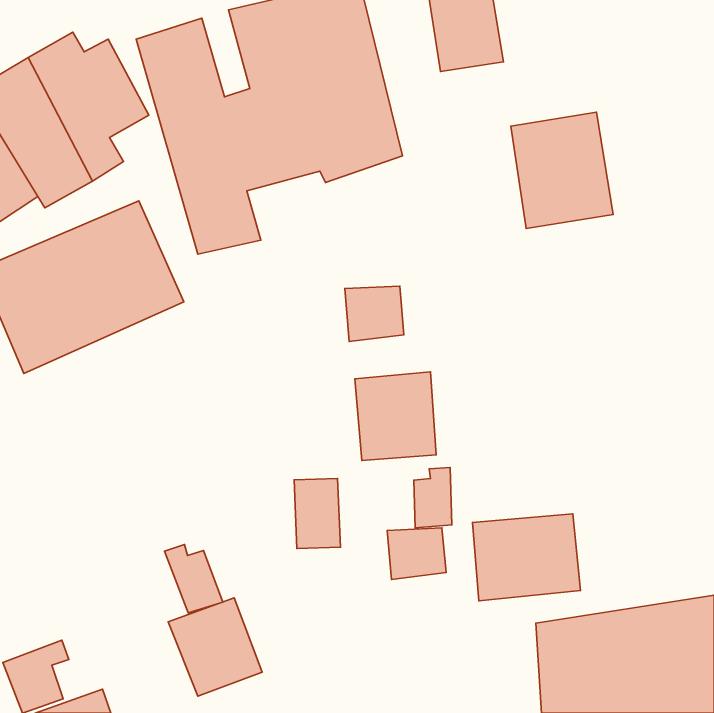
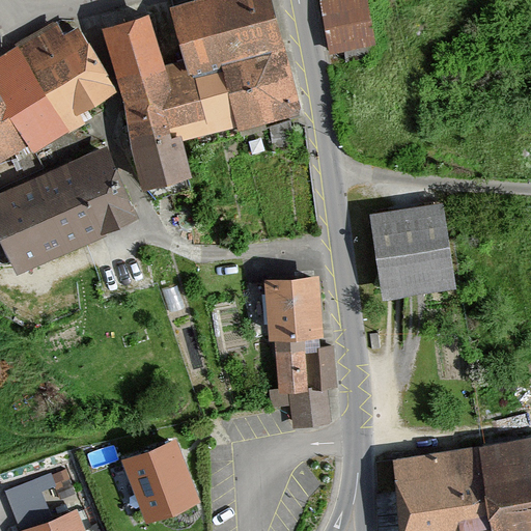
building: [511,112,613,229] -> [373,205,449,291]
building: [345,286,404,341] -> none
building: [294,478,340,549] -> [272,339,306,391]
building: [473,514,581,601] -> none
building: [165,545,223,613] -> none

